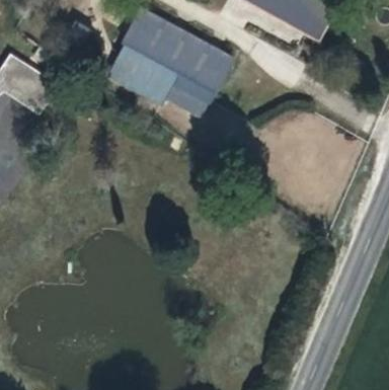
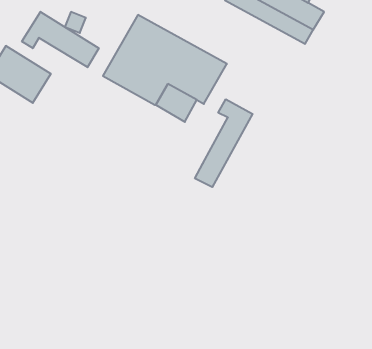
building: none -> [22,12,99,67]
building: none -> [195,99,253,187]

